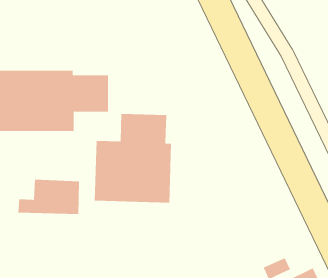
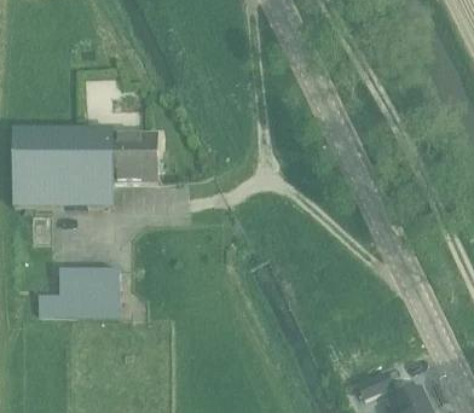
building: [94,113,172,204] -> none

